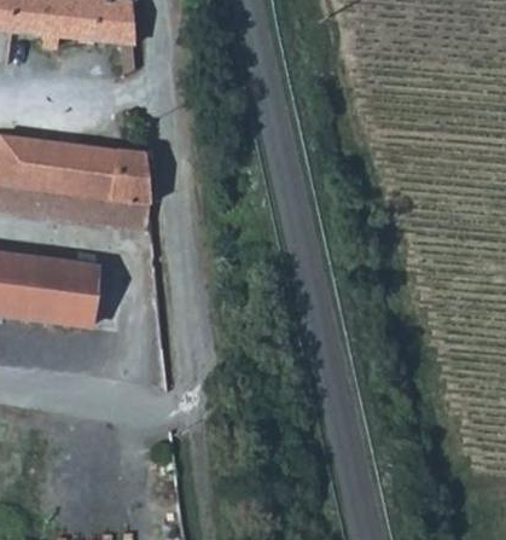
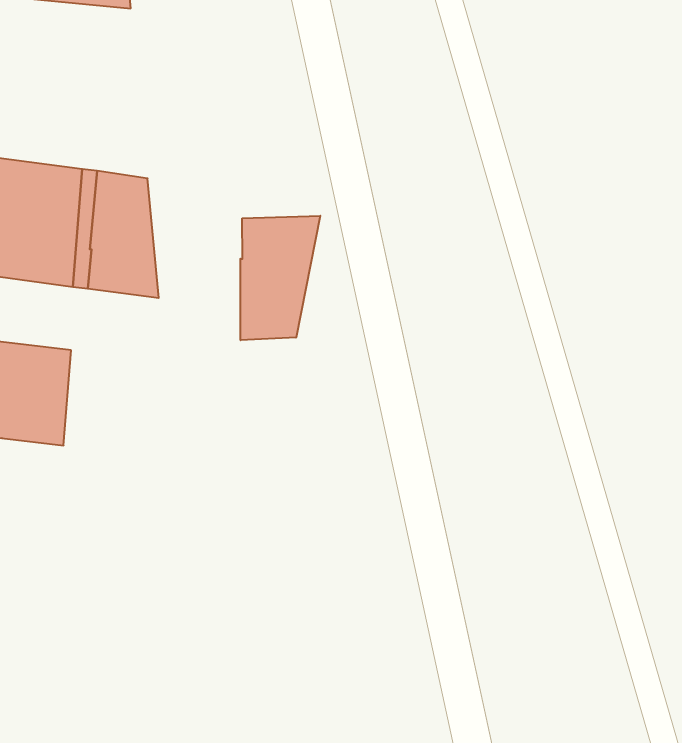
building: none -> [240,216,320,340]

